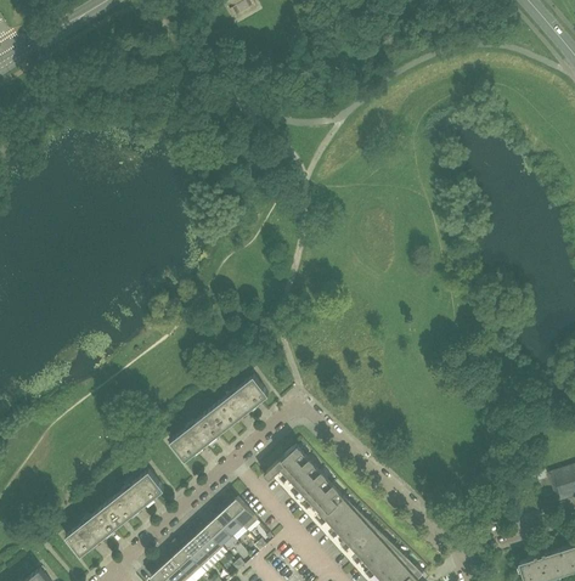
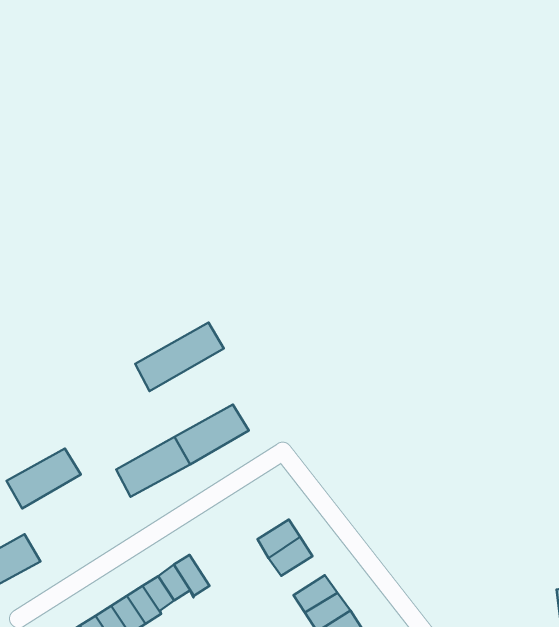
building: none -> [135,323,224,391]
building: [261,445,309,481] -> none
building: [105,472,162,524] -> [6,448,81,508]
building: [310,485,344,518] -> none

